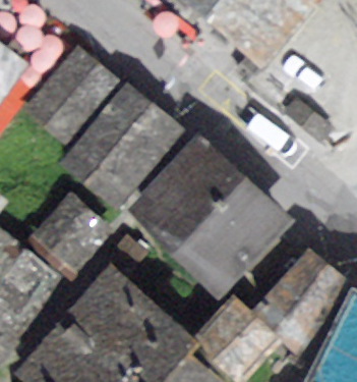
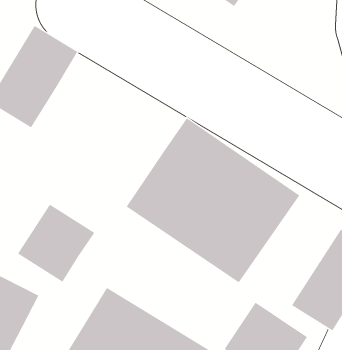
building: [71,87,178,199] -> none

